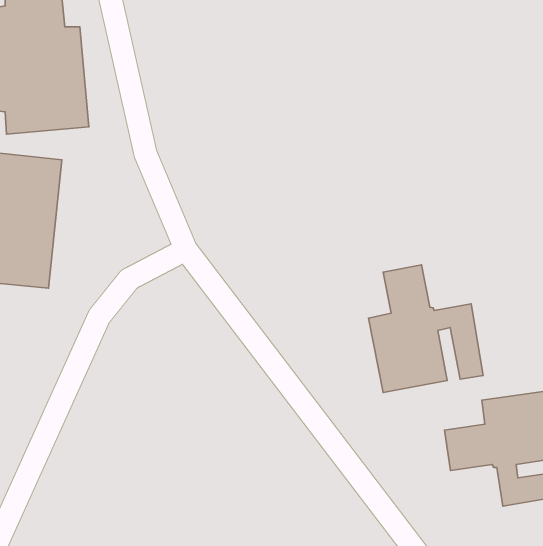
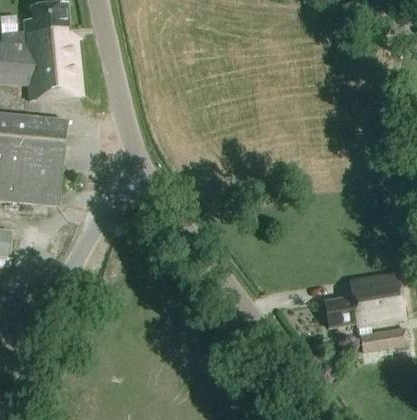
building: [369,265,483,392] -> none

